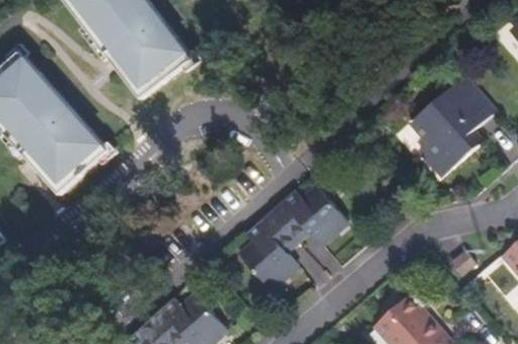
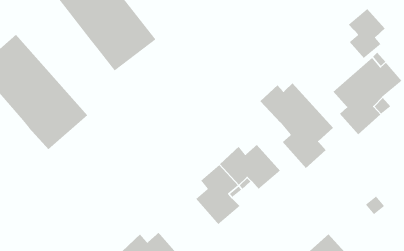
building: none -> [348,8,386,59]
building: none -> [260,82,334,169]

